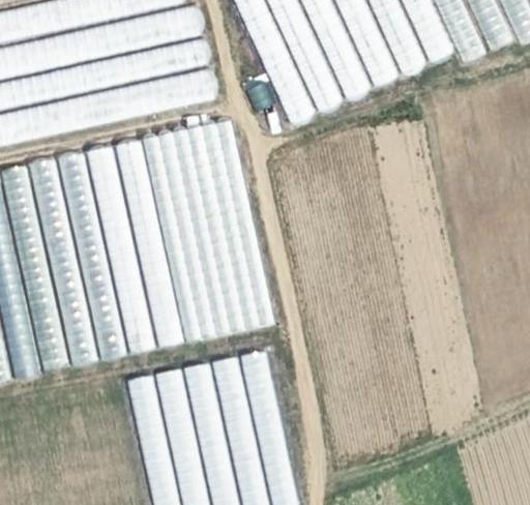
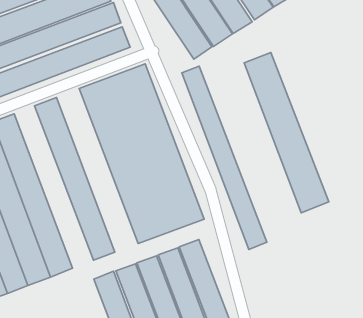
building: none -> [244,52,329,213]
building: none -> [182,66,267,249]
building: [113,139,188,350] -> none
building: [57,152,129,362] -> none

